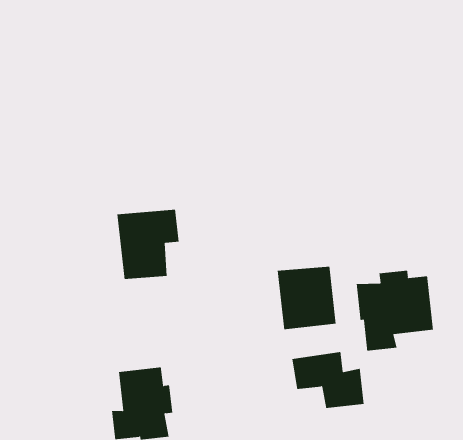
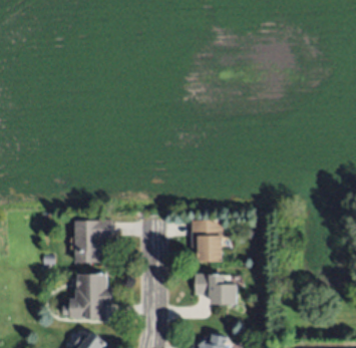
building: [117,209,180,279] -> [73,222,111,265]
building: [356,270,434,352] -> none

